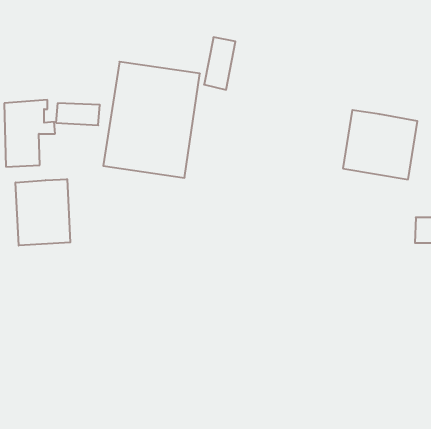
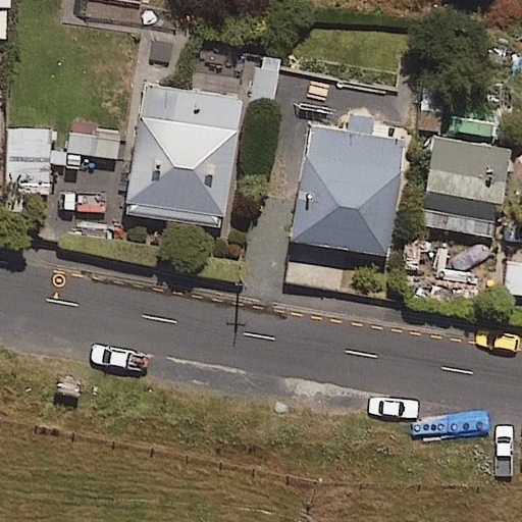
building: none -> [291,113,410,260]
building: [16,179,70,246] -> none

